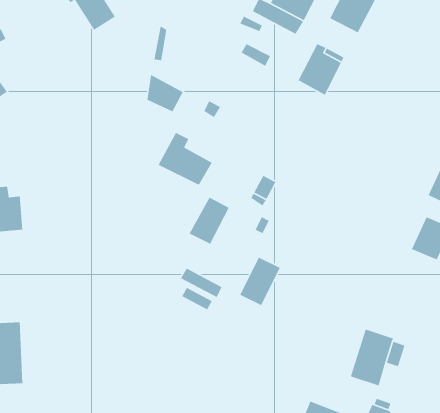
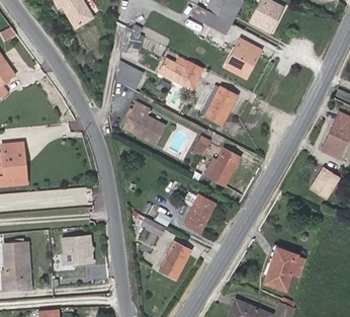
building: none -> [159,57,202,89]
building: none -> [205,87,237,124]
building: [188,196,230,245] -> [208,149,239,184]
building: none -> [60,232,95,264]
building: none -> [160,241,190,278]

